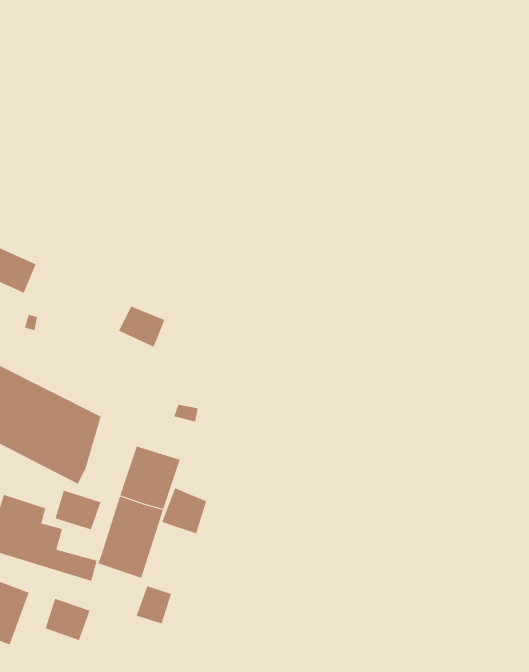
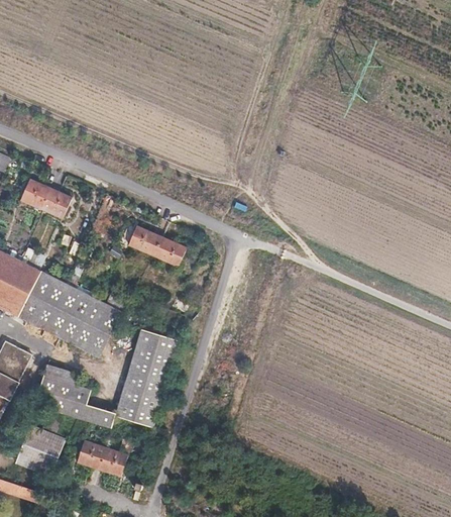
building: none -> [154,236,188,267]
building: [162,488,207,534] -> none
building: [55,490,101,530] -> none
building: [136,585,172,624] -> [100,448,126,477]

